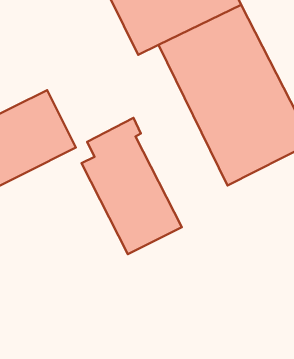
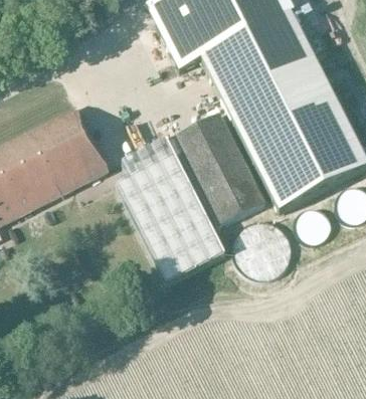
building: none -> [174,111,266,224]

